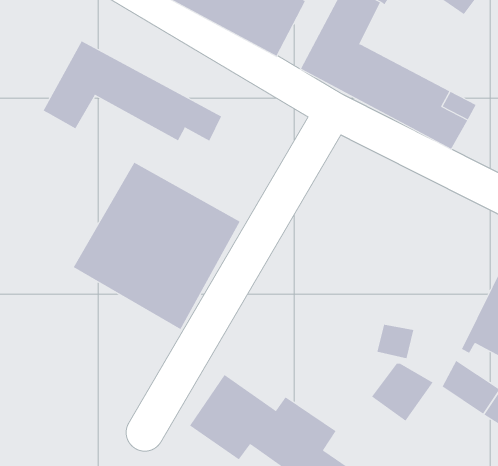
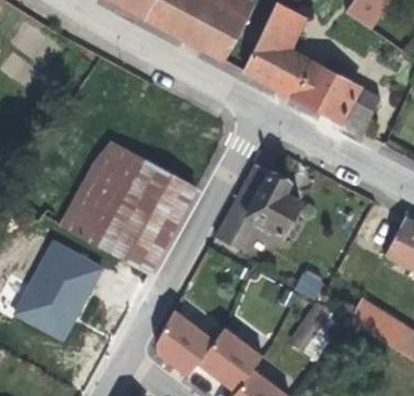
building: [43,40,222,141] -> none
building: none -> [214,163,300,245]
building: none -> [18,238,110,343]

